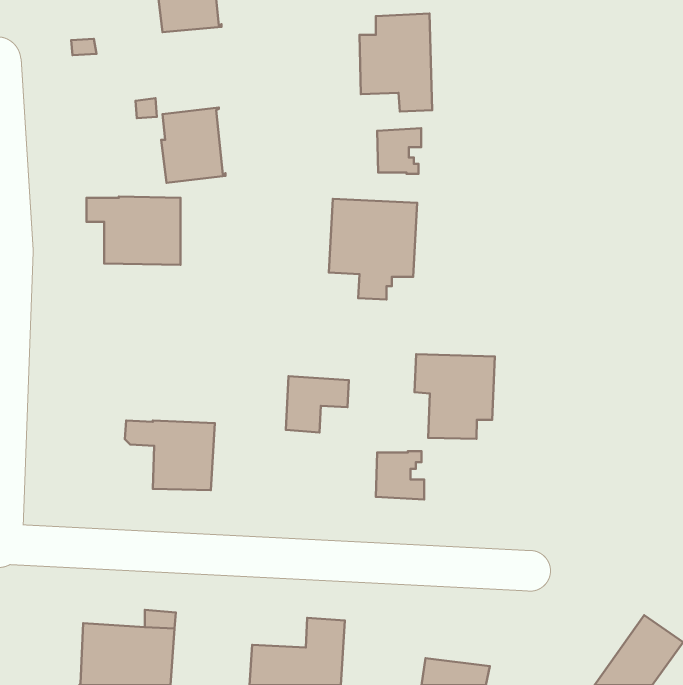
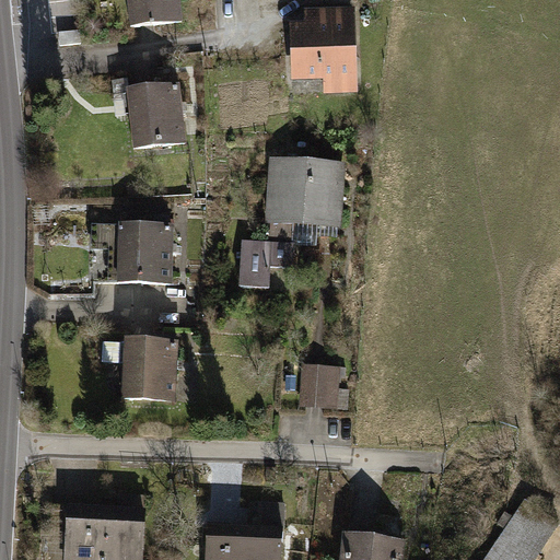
building: [377,128,421,174] -> none
building: [87,196,181,265] -> [92,228,168,283]
building: [415,354,495,439] -> none
building: [286,376,349,433] -> [240,243,291,289]

